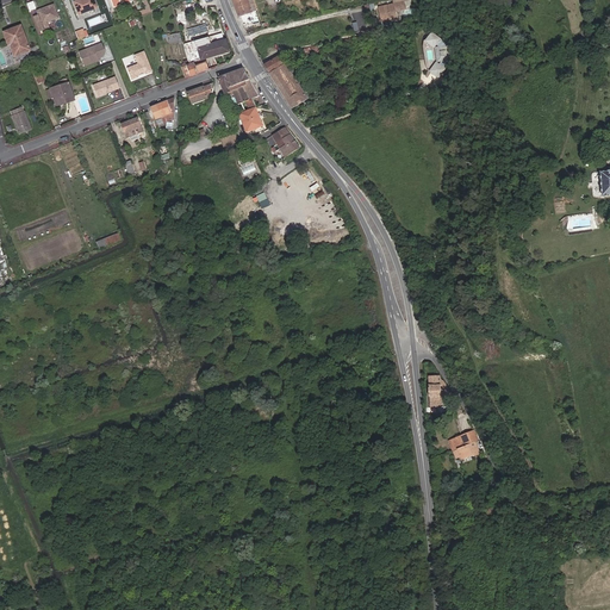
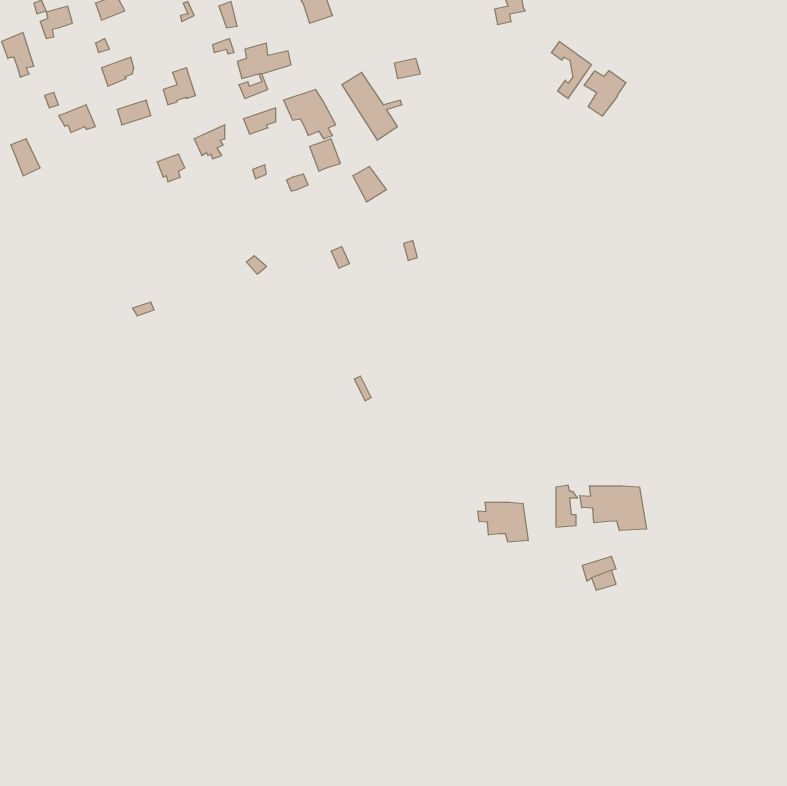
building: none -> [584,71,626,116]
building: none -> [580,486,646,531]
building: none -> [478,502,528,542]

